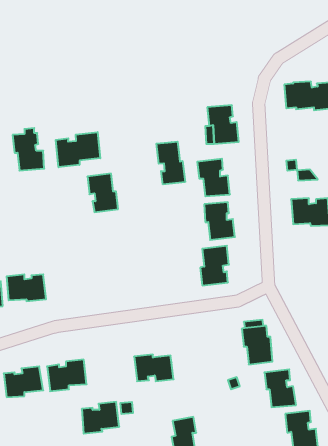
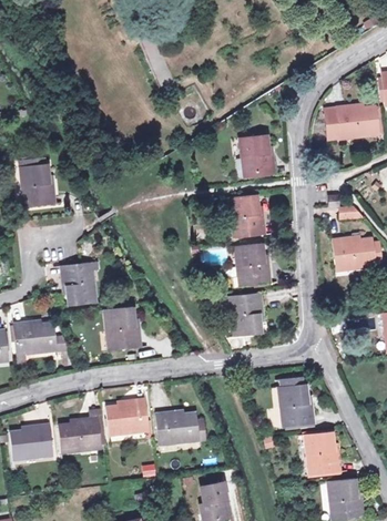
building: [56,132,100,167] -> none
building: [156,142,185,184] -> none
building: [87,174,118,212] -> [62,264,96,307]
building: none -> [105,309,141,351]
building: [82,402,119,434] -> [108,401,150,437]

